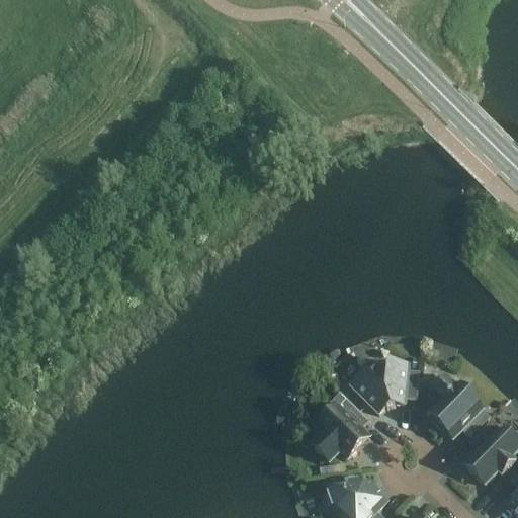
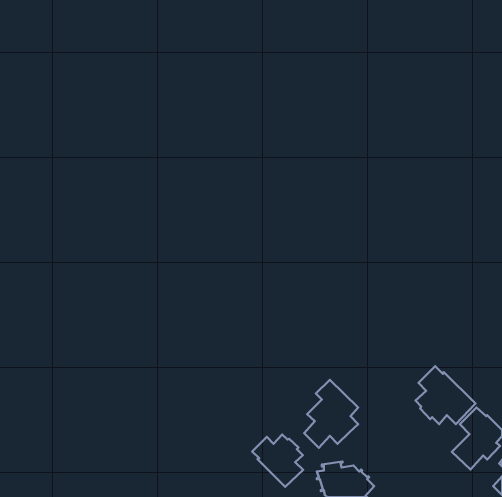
building: [351,363,419,412] -> none
building: none -> [252,434,303,487]

